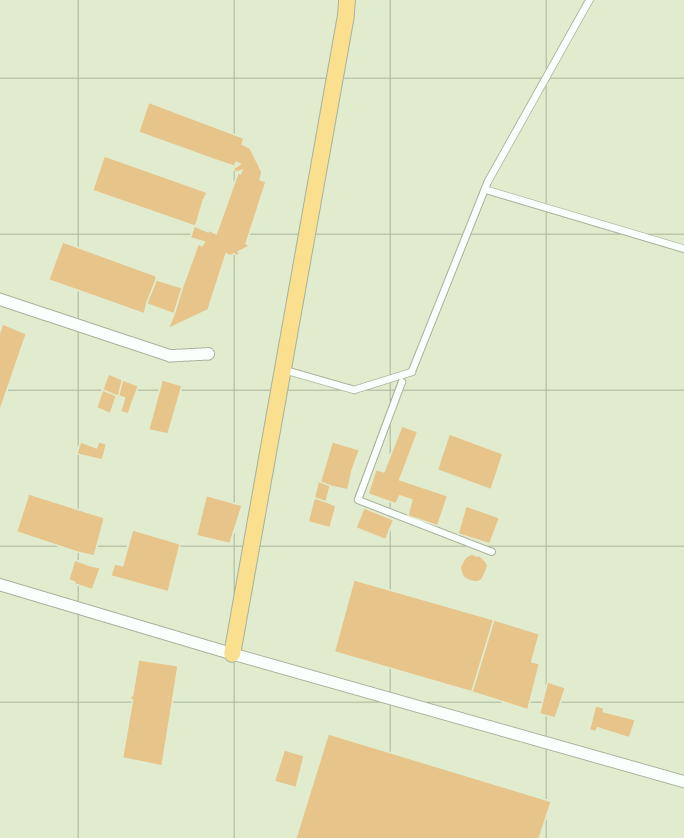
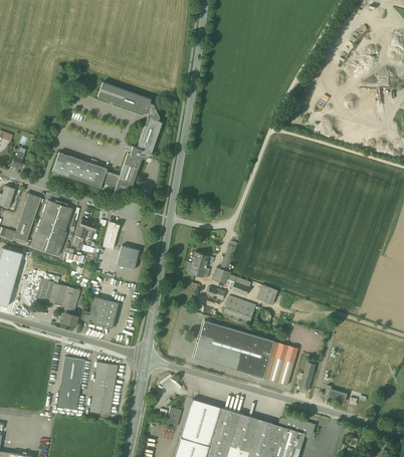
building: [93,156,208,226] -> none
building: none -> [31,200,71,255]
building: [437,434,503,490] -> [224,293,257,321]
building: [196,496,242,544] -> [116,245,139,269]
building: none -> [56,357,83,409]

